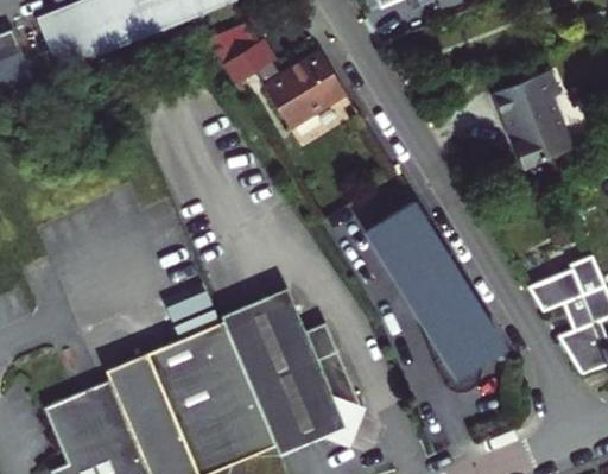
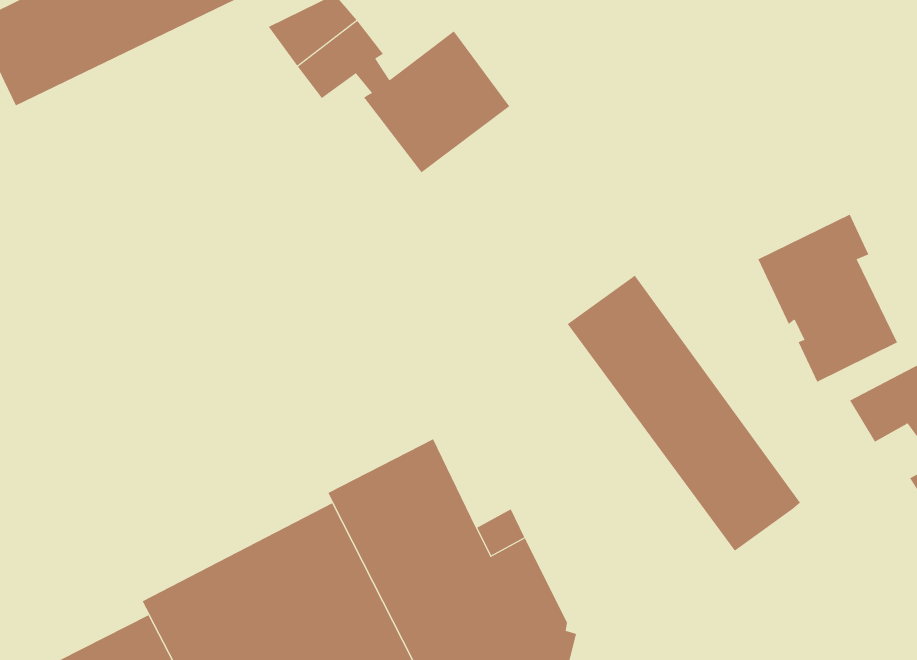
building: [495,69,575,168] -> [757,214,898,383]
building: [365,226,500,388] -> none

